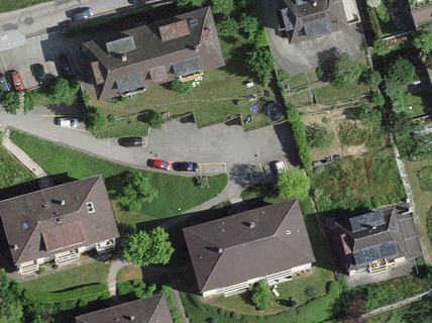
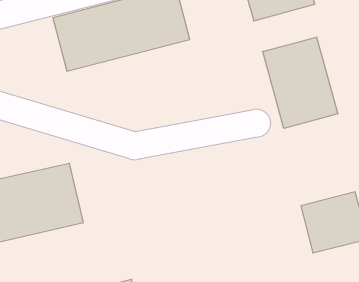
building: none -> [263,37,338,128]
building: [186,202,313,293] -> none

